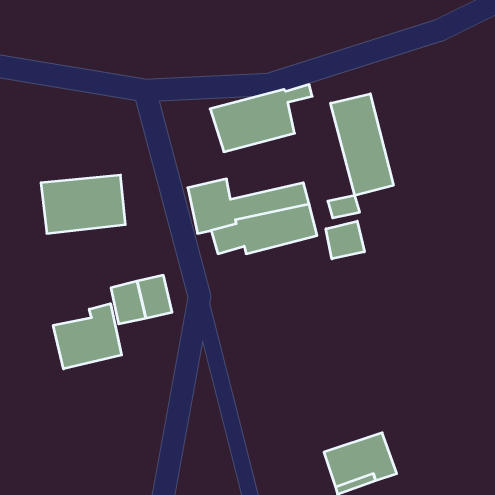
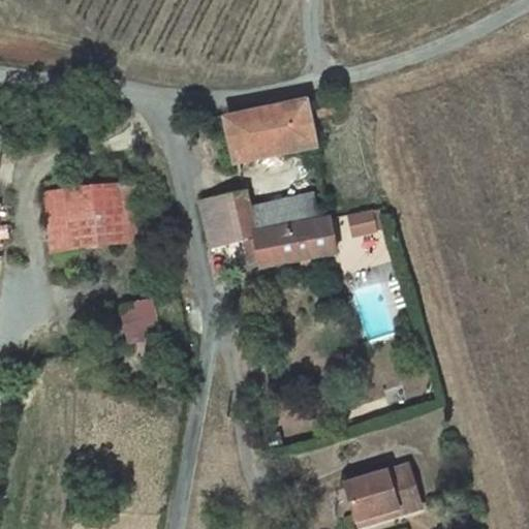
building: [331,94,393,195] -> none
building: [326,221,364,259] -> none
building: [53,304,122,369] -> none

